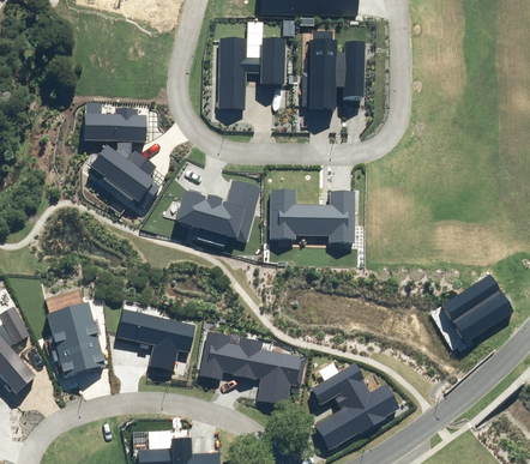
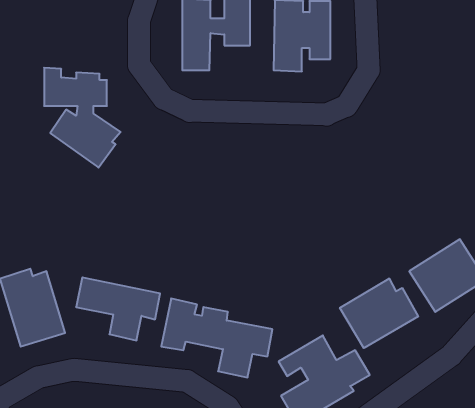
building: [173,177,260,240] -> none
building: [267,186,356,242] -> none
building: none -> [340,278,418,348]

